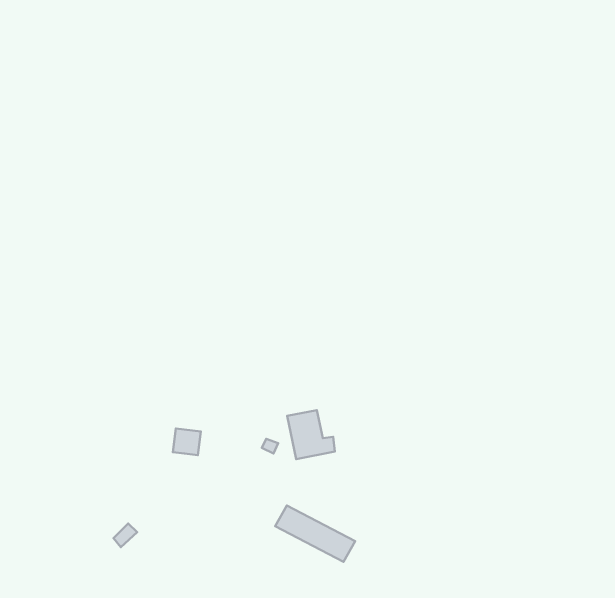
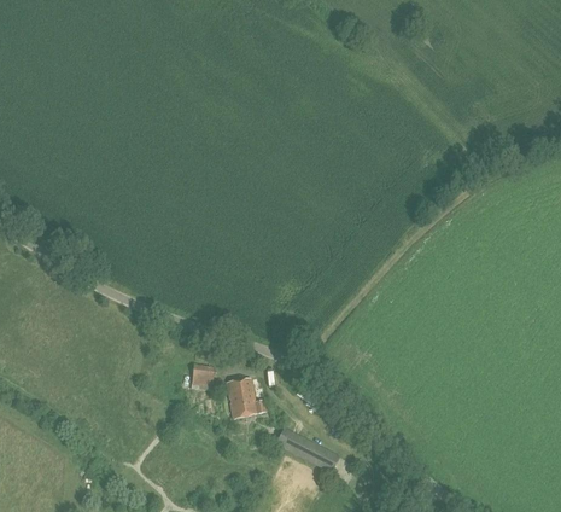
building: [287,410,335,459] -> [226,378,264,418]

